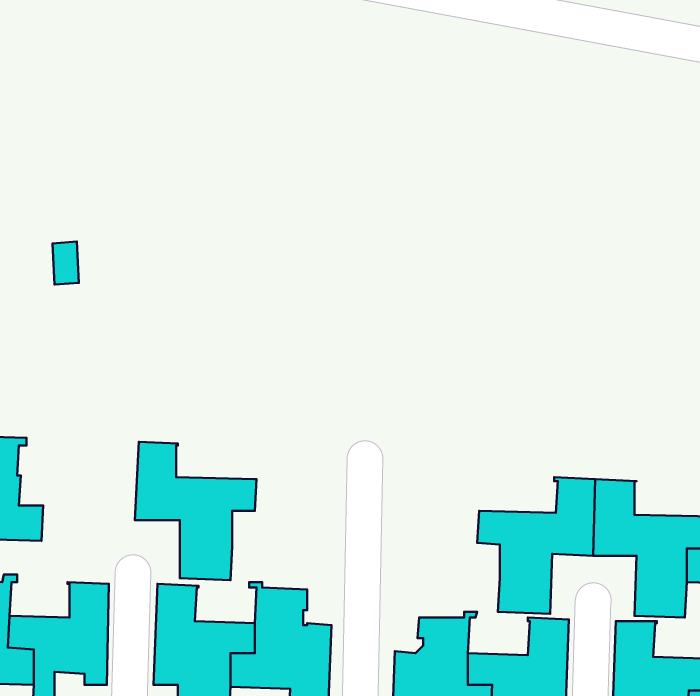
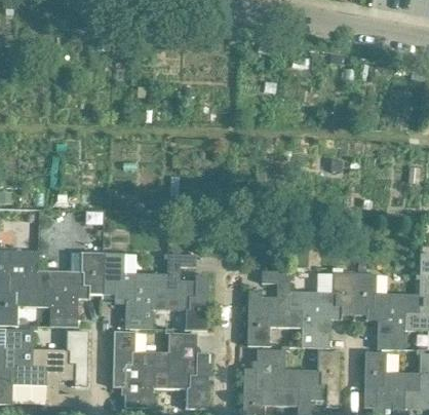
building: none -> [38,253,104,327]
building: none -> [155,254,209,331]
building: none -> [247,271,302,346]

